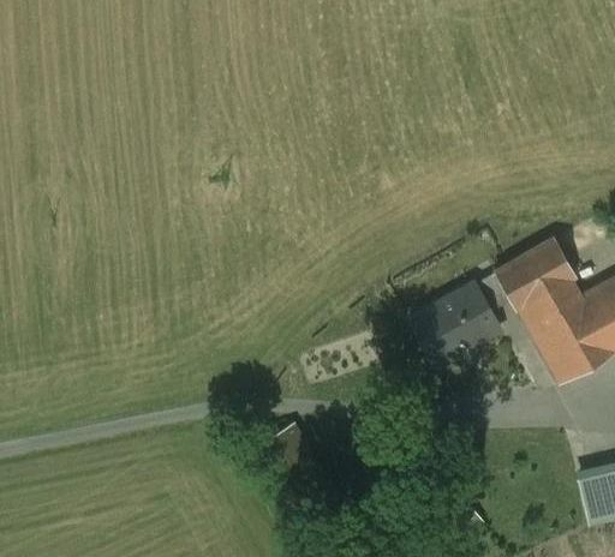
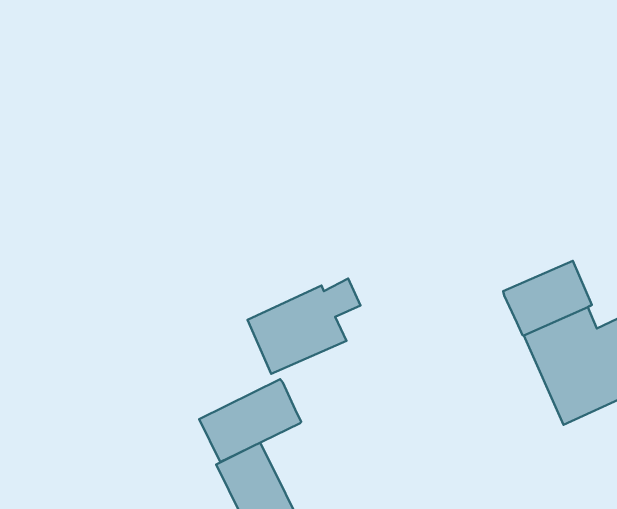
building: [412,272,510,363] -> [247,278,361,374]
building: none -> [199,379,301,462]

